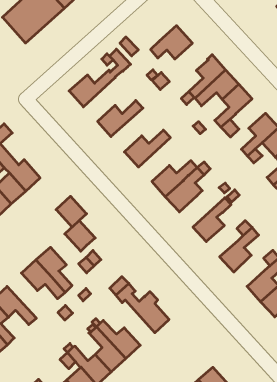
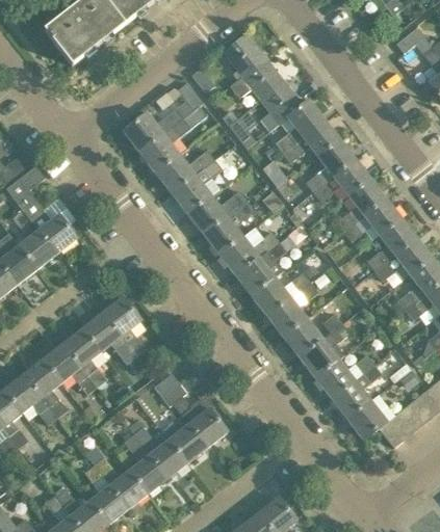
building: none -> [223,33,265,77]
building: none -> [259,82,303,132]
building: none -> [138,106,206,172]
building: none -> [332,159,370,196]
building: none -> [171,160,222,214]
building: none -> [203,201,254,255]
building: none -> [251,272,310,317]
building: [56,196,87,227] -> [82,313,121,352]
building: none -> [282,318,322,357]
building: none -> [314,358,354,398]
building: none -> [23,358,67,418]
building: none -> [162,403,207,462]

